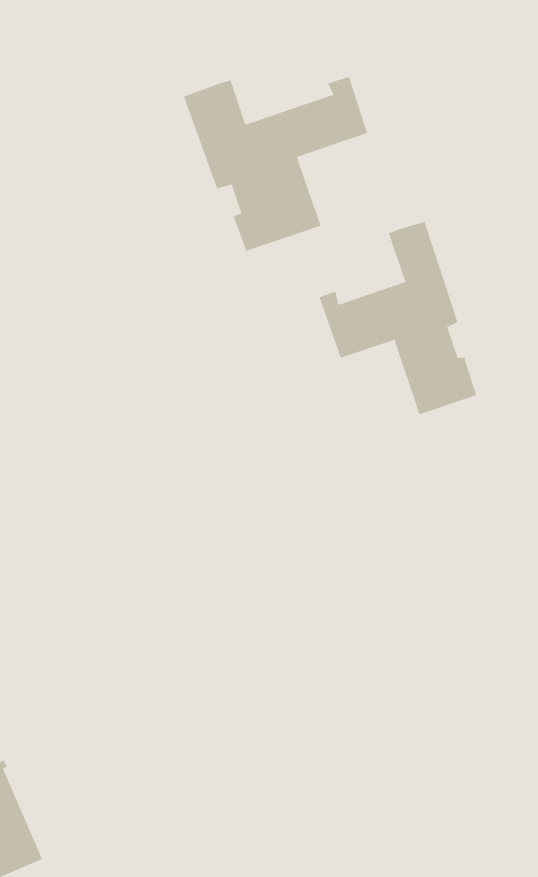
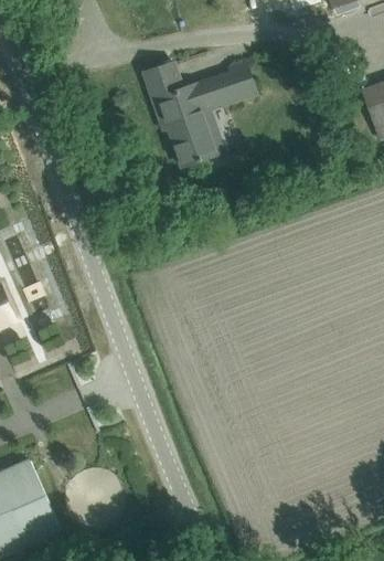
building: [319,221,477,415] -> none

